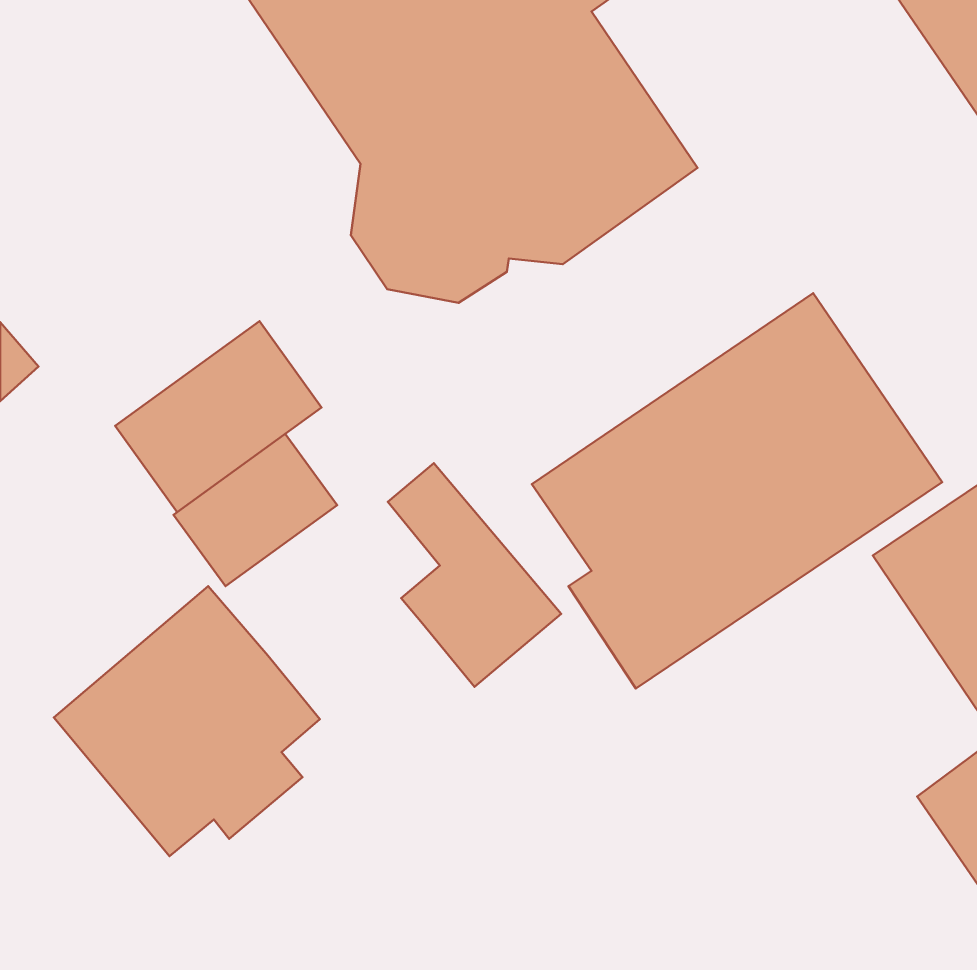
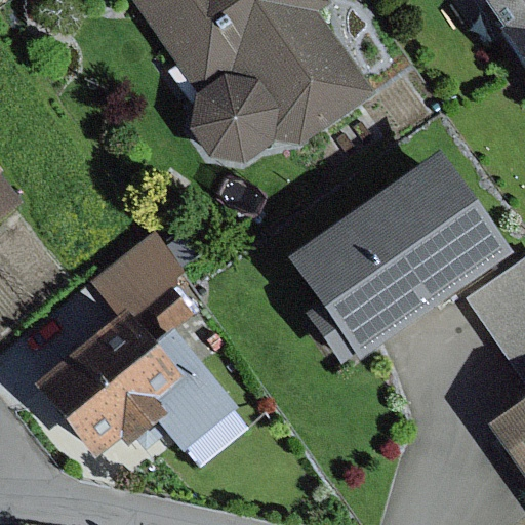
building: [115,321,321,512] -> none
building: [388,463,561,687] -> [147,328,239,447]

